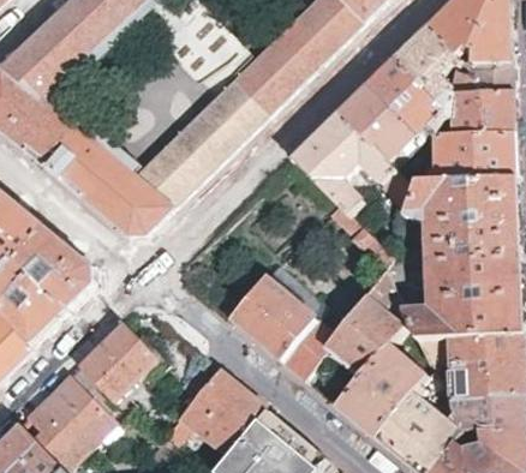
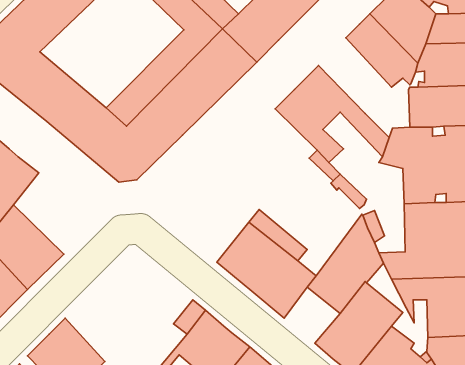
building: [336,84,413,163] -> none
building: [16,226,92,311] -> none
building: [79,323,159,414] -> none

